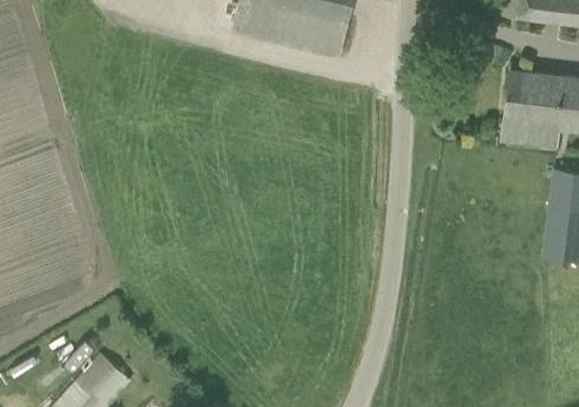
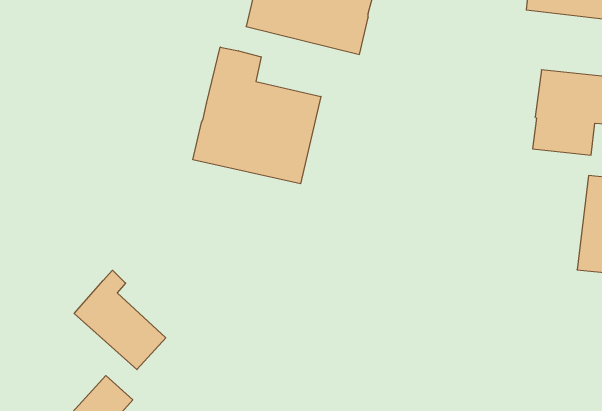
building: none -> [193,47,321,184]
building: none -> [74,270,166,370]

